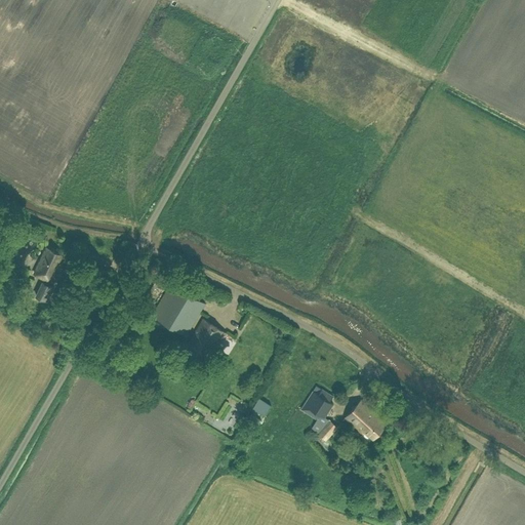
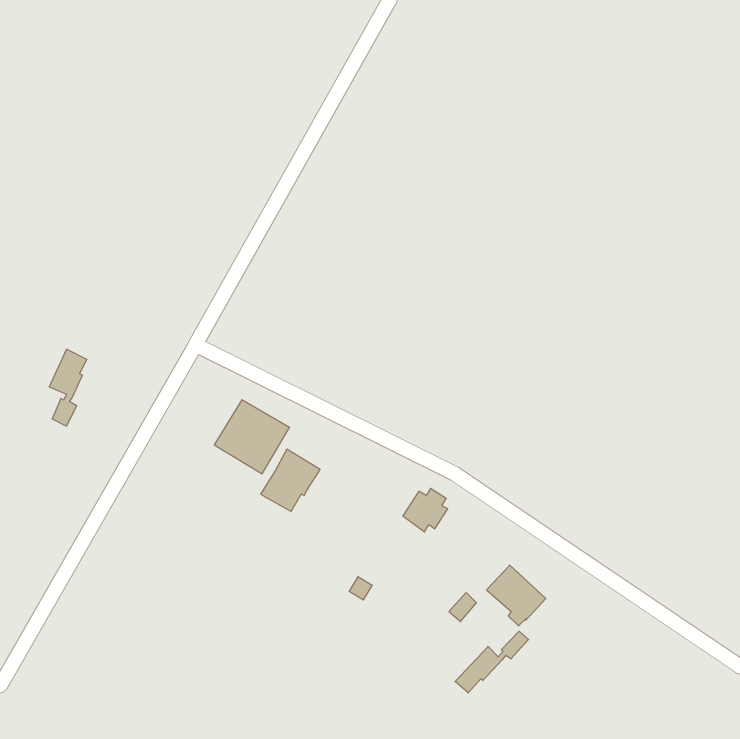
building: [301,390,333,420] -> [403,488,448,532]
building: none -> [455,631,529,693]

